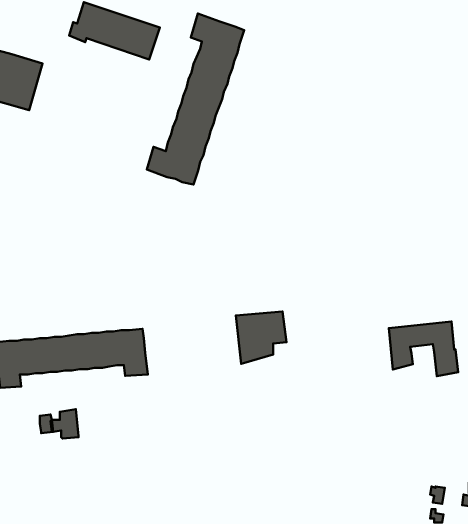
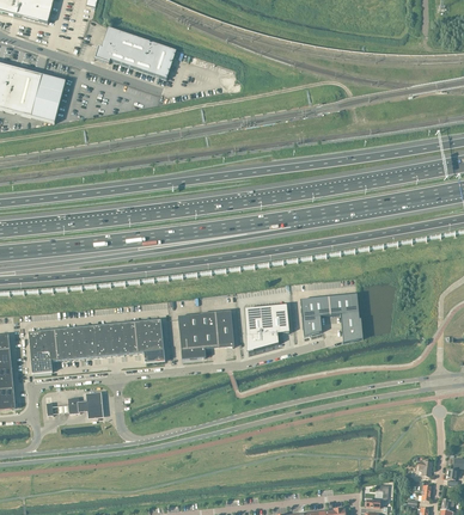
building: [147,14,244,185] -> none
building: none -> [178,309,234,357]
building: [389,321,458,376] -> [300,293,362,342]

